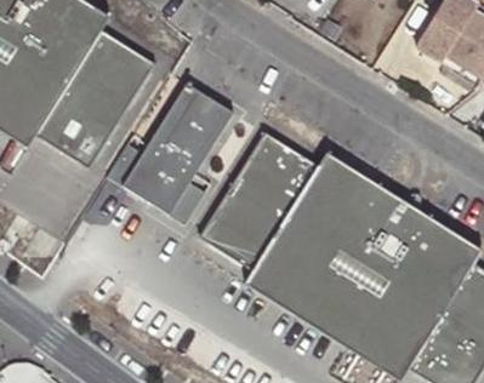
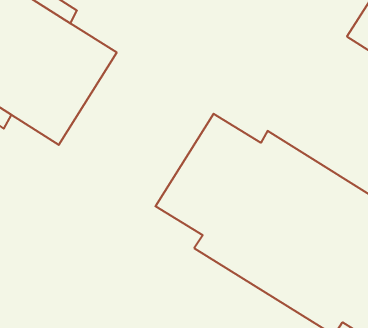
building: [137,80,240,218] -> none

